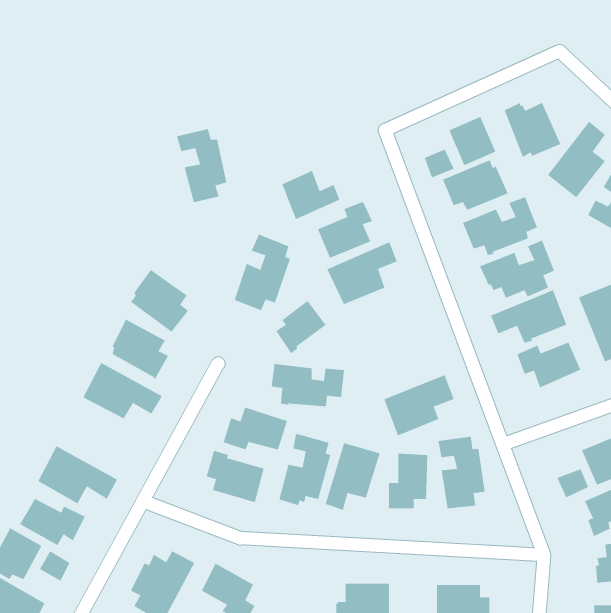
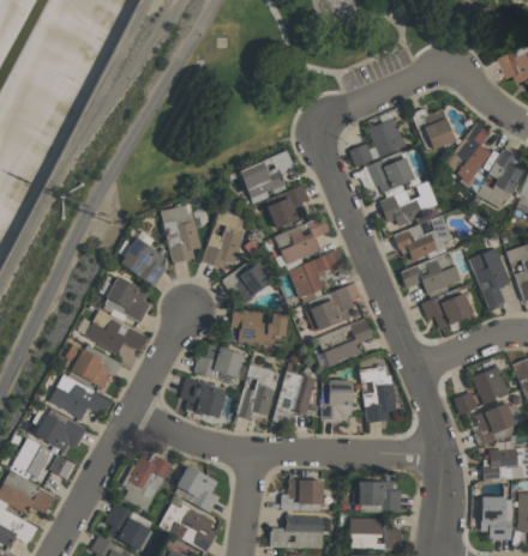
building: [176,128,227,203] -> [161,205,200,262]
building: none -> [288,250,344,303]
building: none -> [305,286,355,333]
building: none -> [66,344,121,387]

